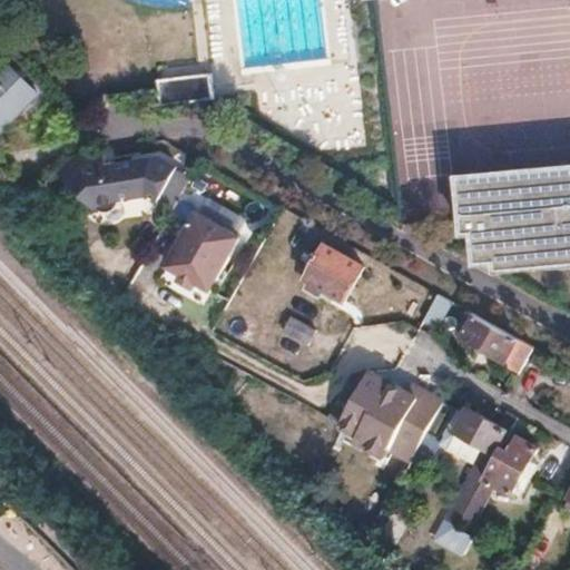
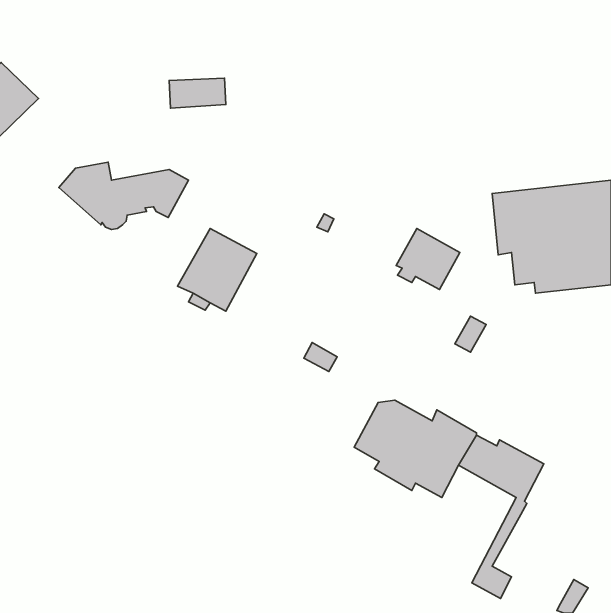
building: [304,245,363,302] -> [396,228,460,290]
building: [458,312,532,360] -> none
building: [483,435,537,492] -> none

